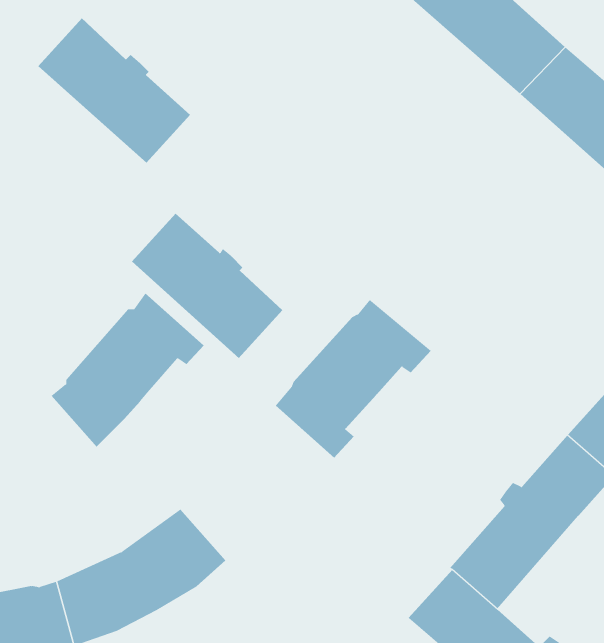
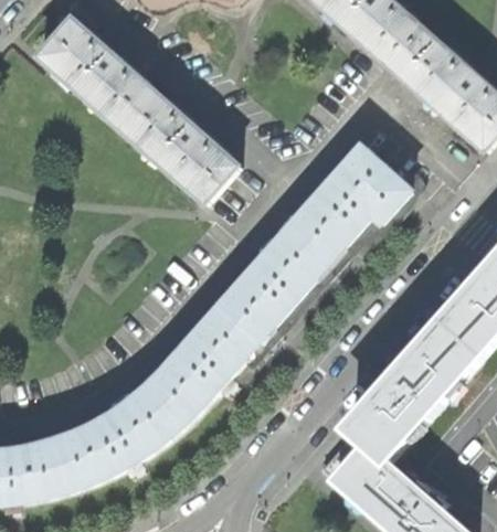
building: none -> [288,147,409,267]
building: [131,213,283,359] -> [121,91,235,200]
building: [51,292,204,447] -> [147,308,262,424]

